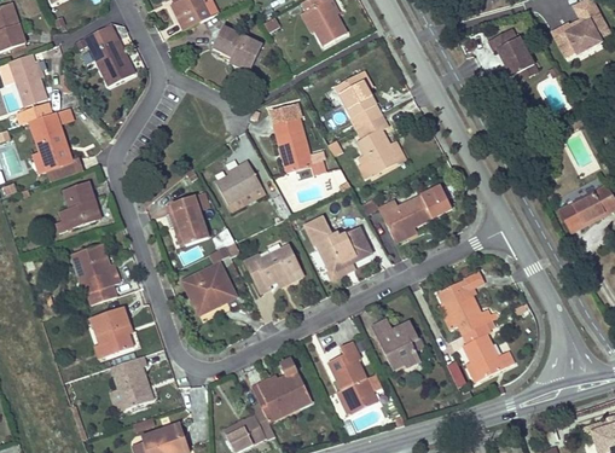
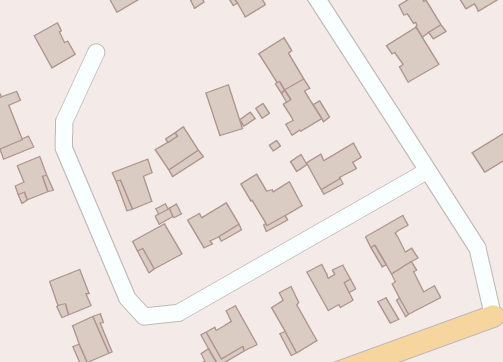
building: [213,25,262,71] -> none
building: none -> [386,27,439,82]
building: [72,244,120,304] -> none

